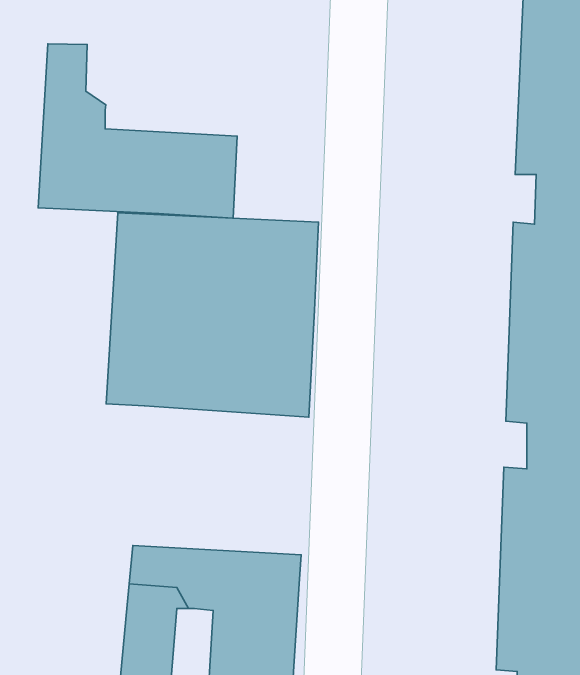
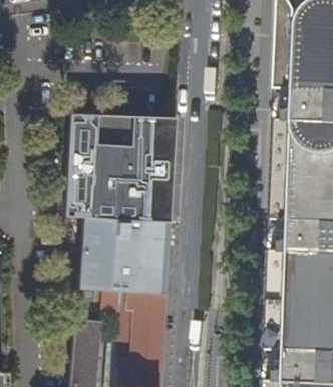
building: [38,44,237,218] -> none
building: none -> [78,215,171,293]

